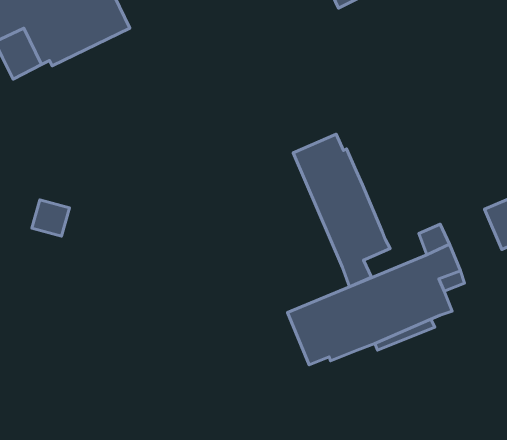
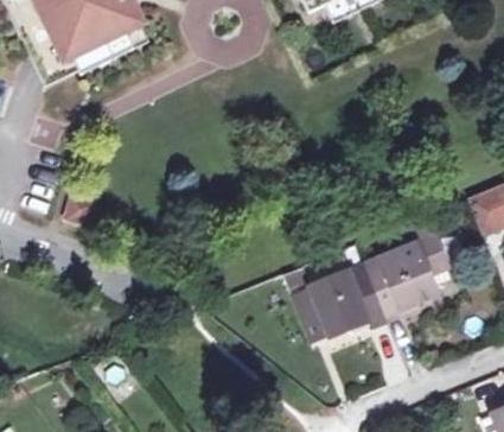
building: [293,134,390,287] -> none

